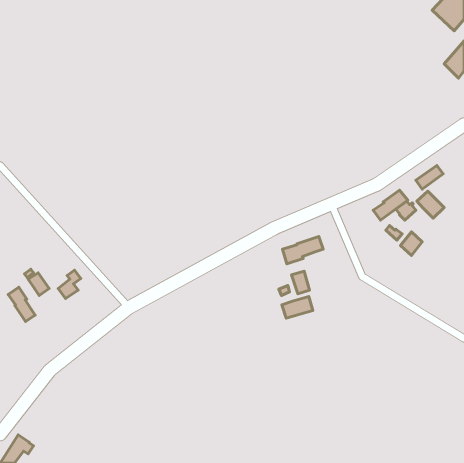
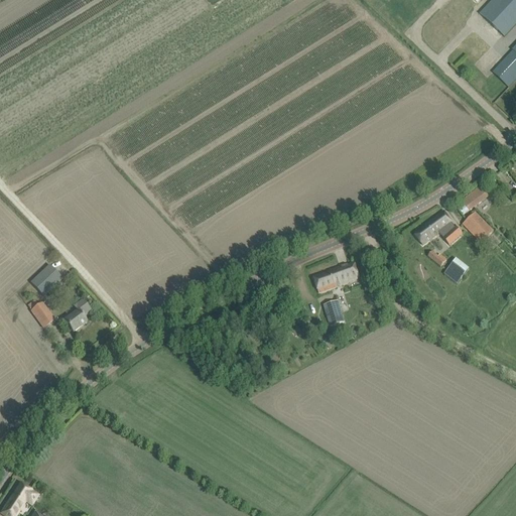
building: none -> [29,263,62,296]
building: [8,287,35,321] -> none
building: [282,297,313,318] -> none

